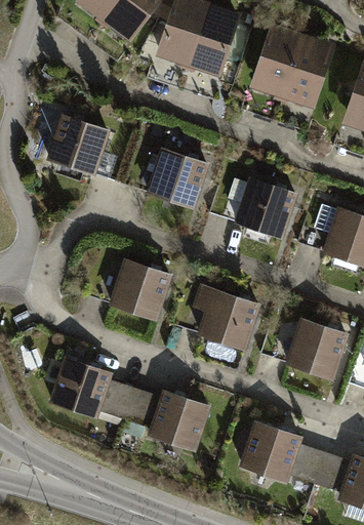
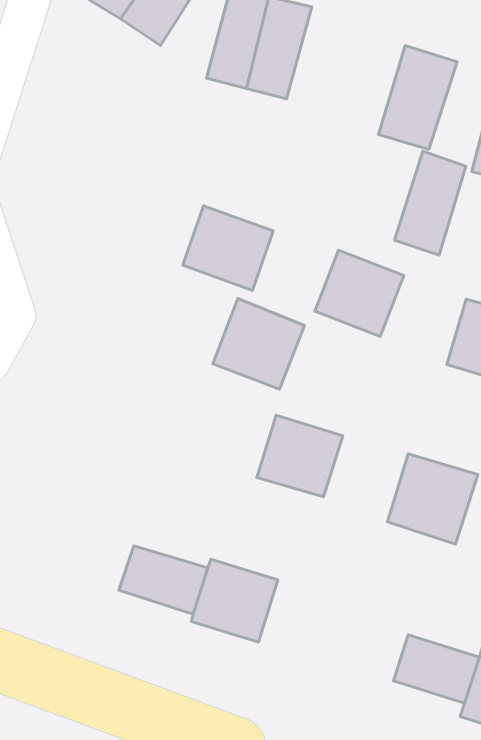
building: [248,26,297,97] -> [395,151,466,255]
building: [44,116,106,172] -> none
building: [107,259,170,322] -> [213,299,305,389]
building: [47,360,112,419] -> none
building: [237,418,302,484] -> none

